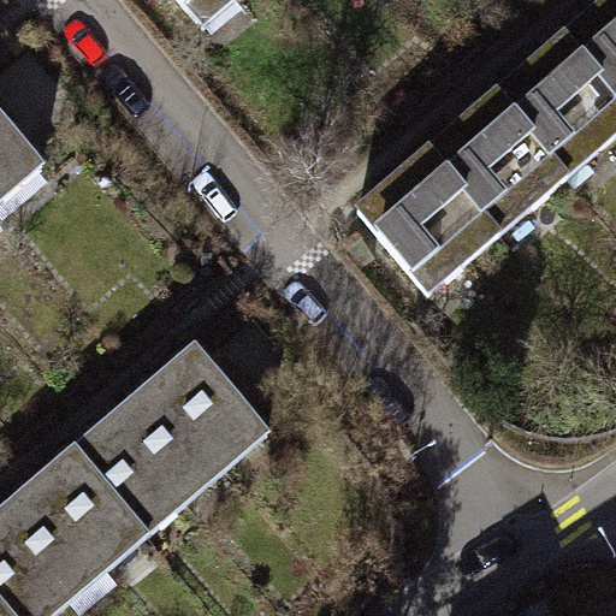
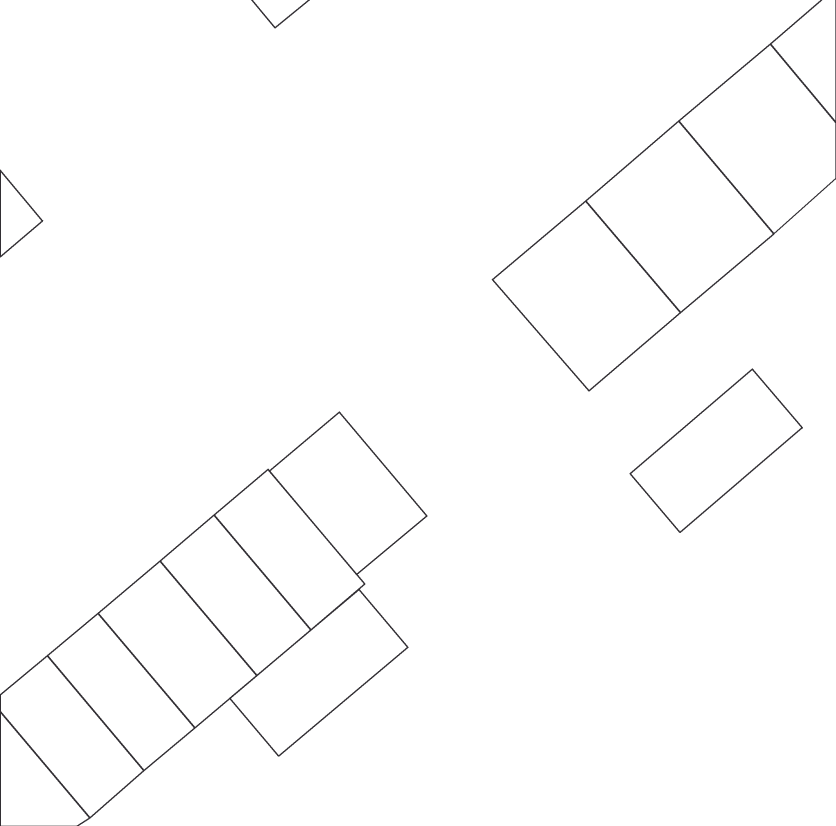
building: none -> [630,369,802,532]
building: none -> [269,412,427,575]
building: none -> [230,589,408,756]

